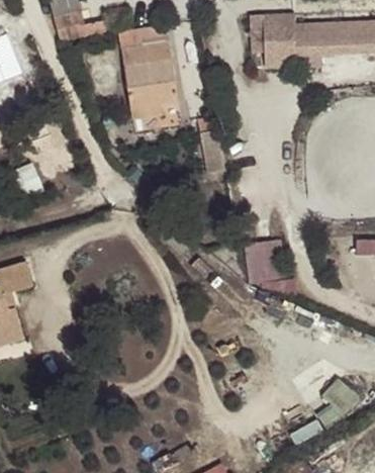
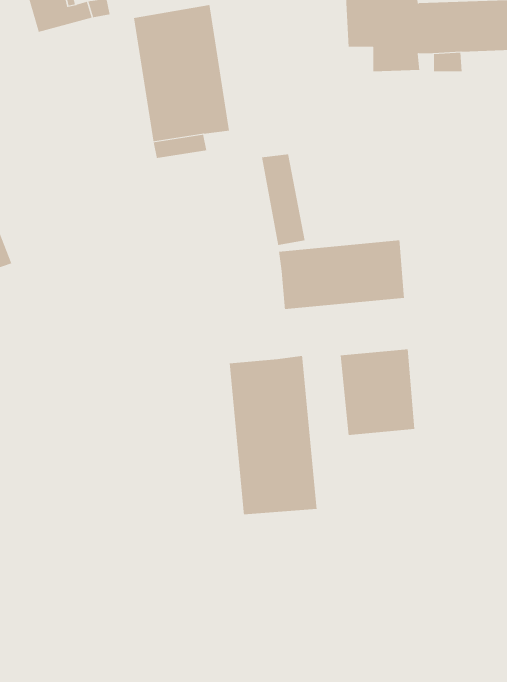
building: none -> [278,240,405,310]
building: none -> [229,355,317,515]

